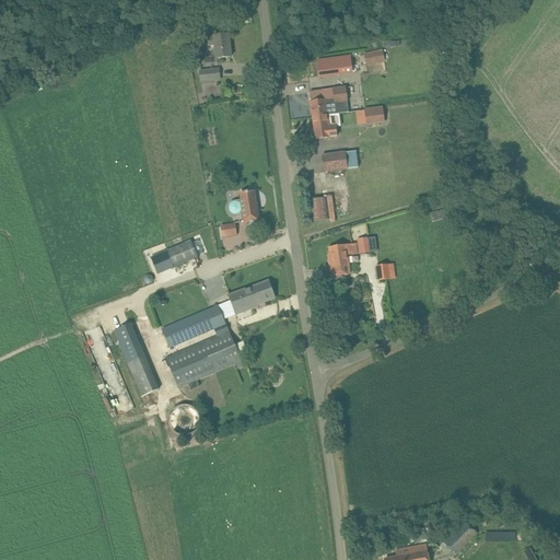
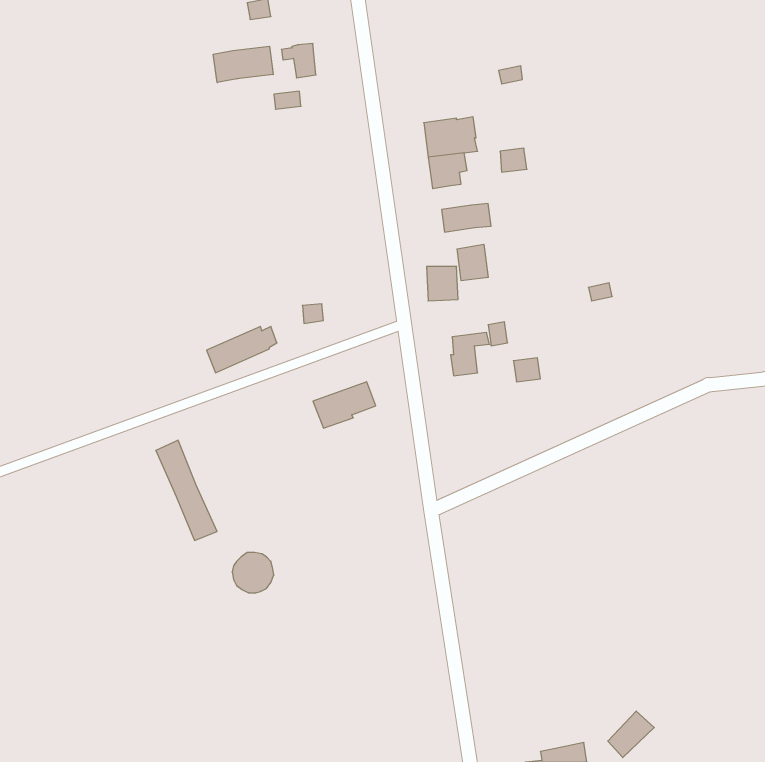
building: none -> [213,46,273,83]
building: [317,55,352,75] -> none
building: none -> [457,244,488,281]
building: [229,189,258,221] -> none
building: [162,304,226,347] -> none
building: [166,329,242,386] -> none

